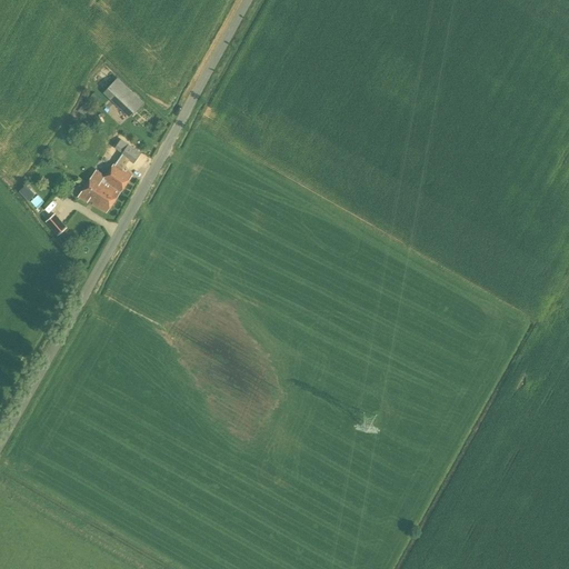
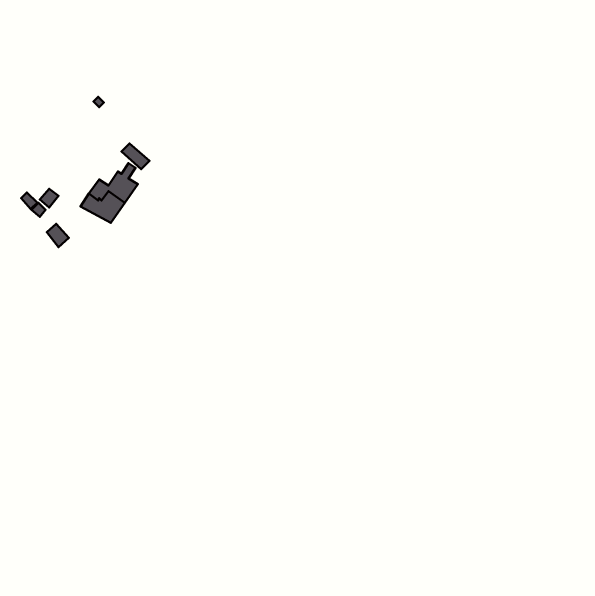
building: [102,77,143,117] -> none

